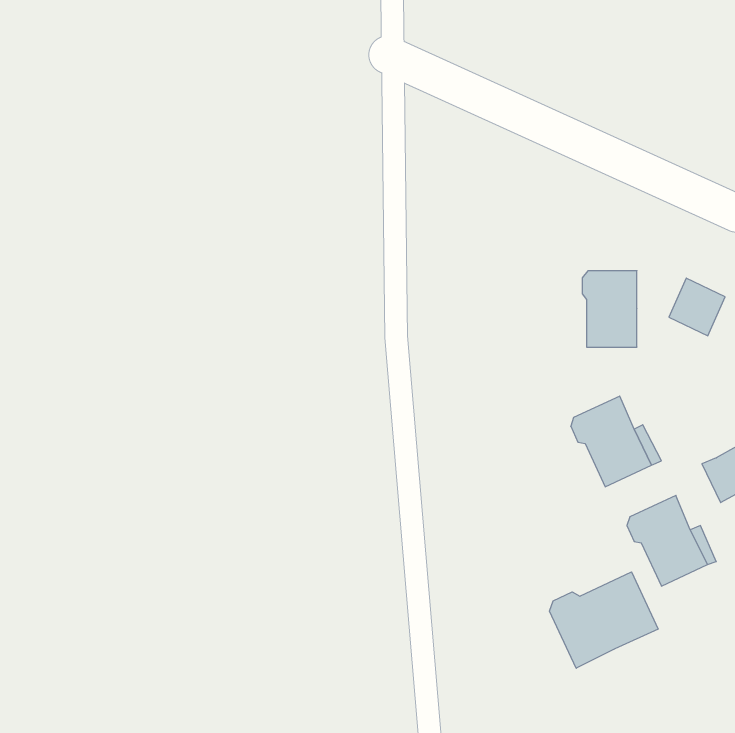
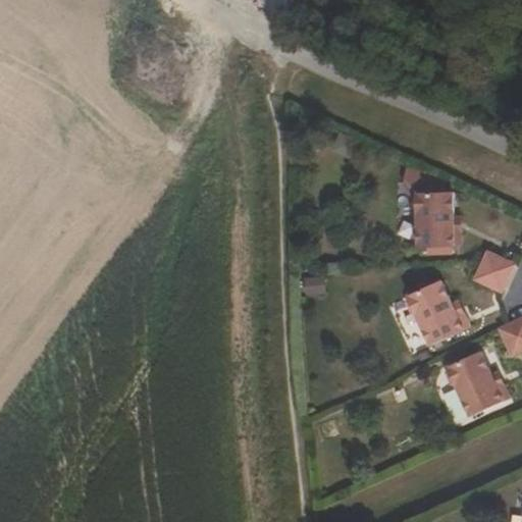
building: [669,278,725,336] -> [475,252,515,293]
building: [549,572,658,668] -> none

